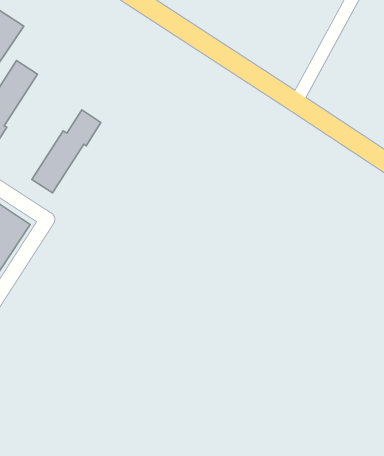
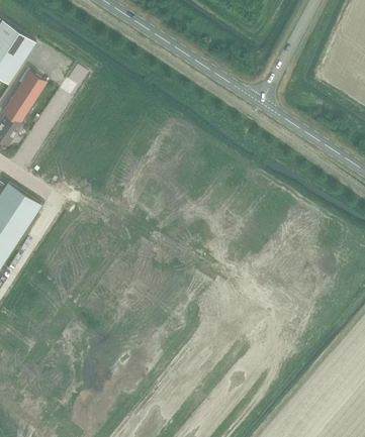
building: [32,110,101,193] -> none

